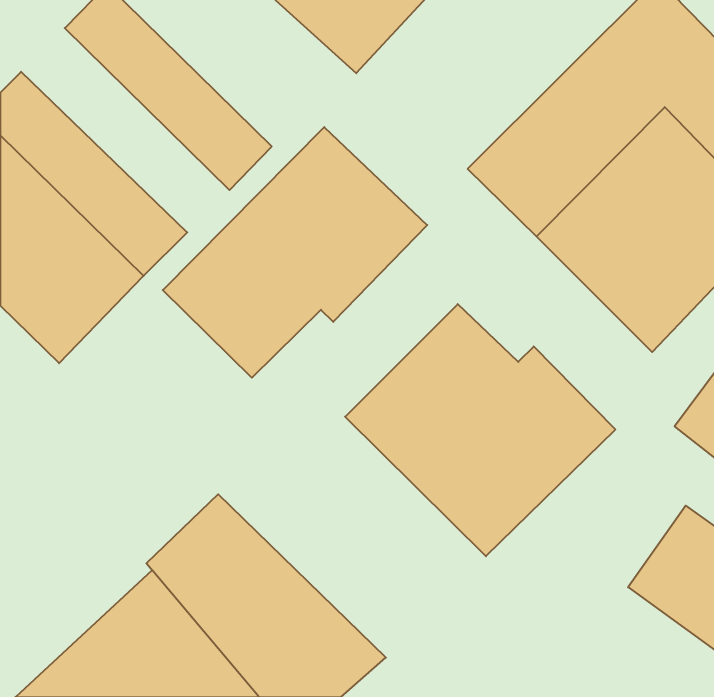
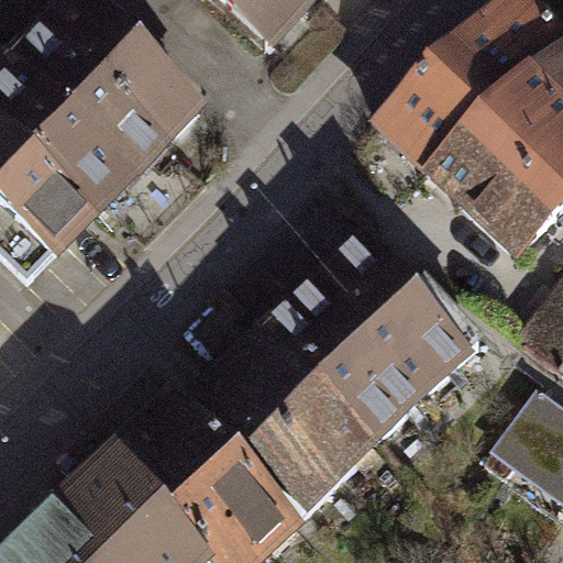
building: none -> [21,22,184,181]
building: [163,127,427,378] -> none
building: none -> [208,325,384,500]

